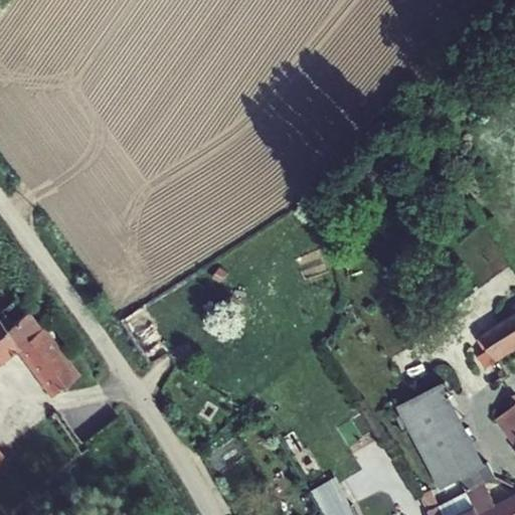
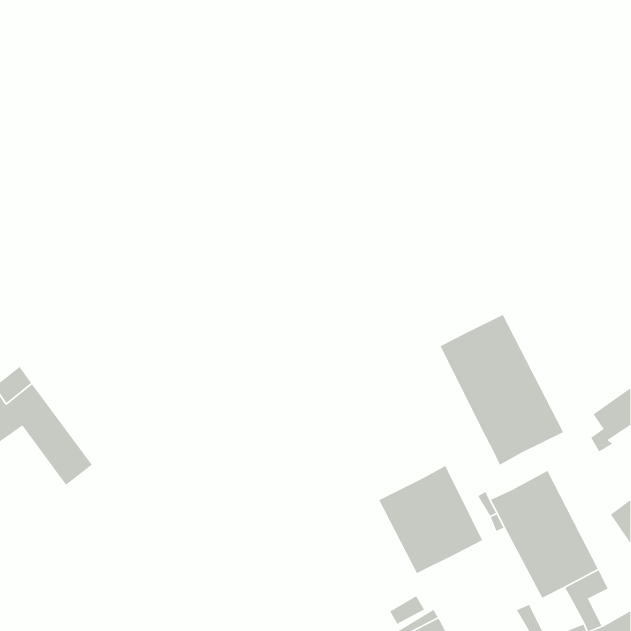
building: none -> [440,314,564,466]
building: none -> [378,465,483,574]

